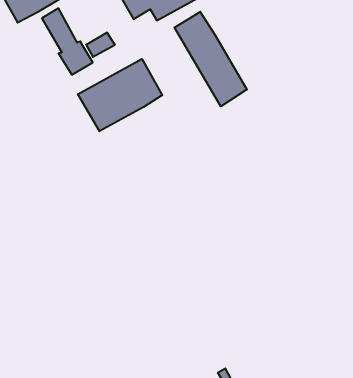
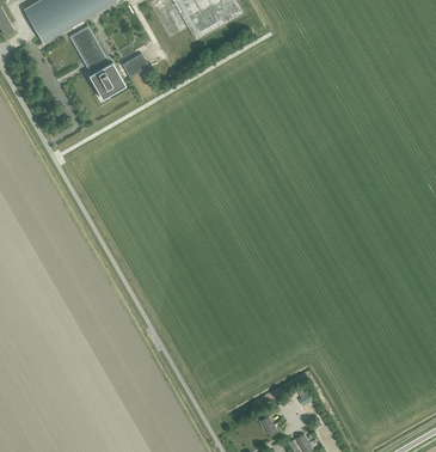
building: [174,12,247,106] -> none
building: [78,59,162,131] -> none

